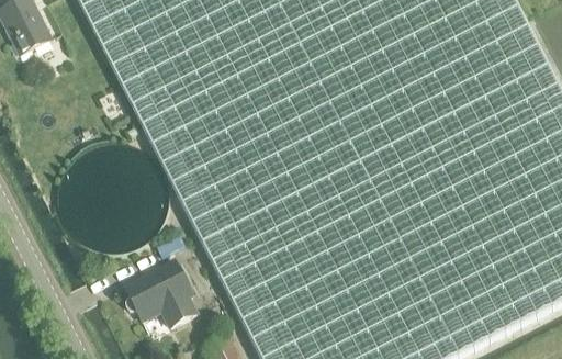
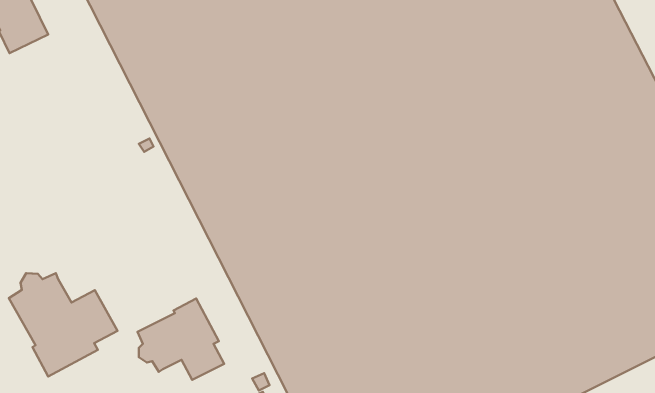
building: none -> [9,273,118,376]

